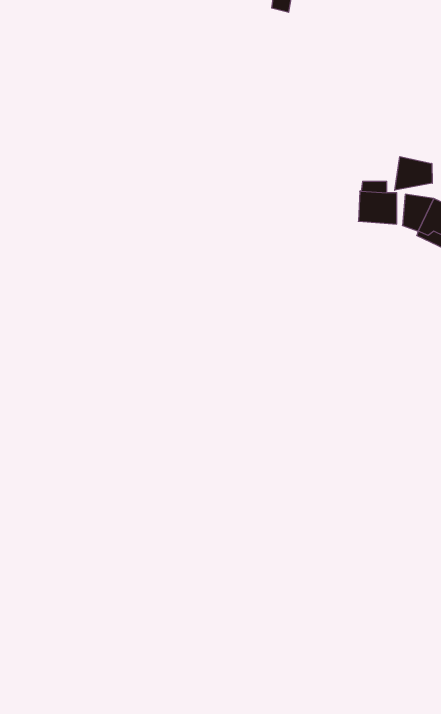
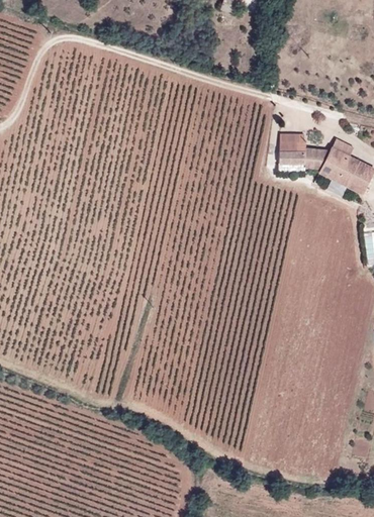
building: [395,157,432,190] -> none

